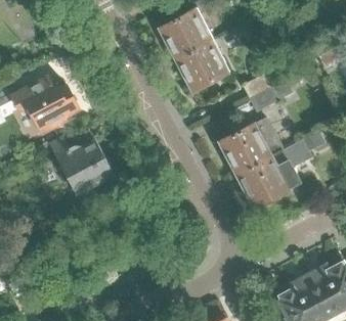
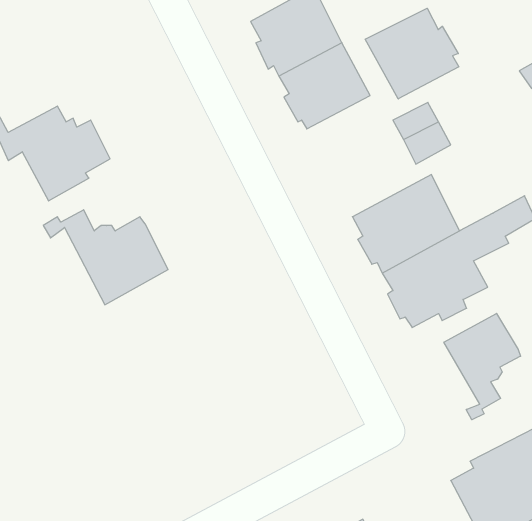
building: none -> [365,8,459,99]
building: none -> [444,313,521,420]

